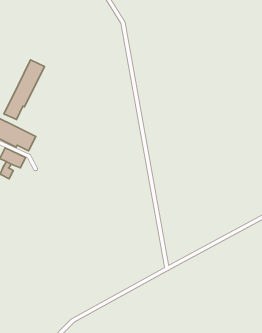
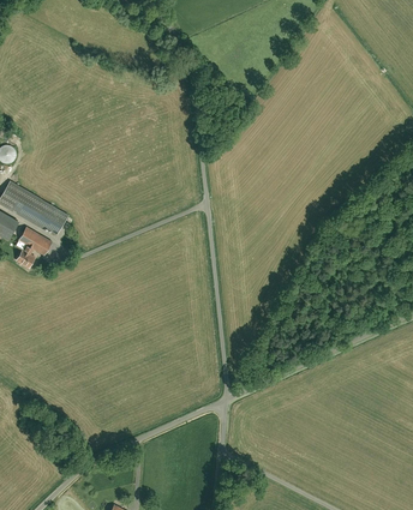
building: [4,60,44,120] -> none

